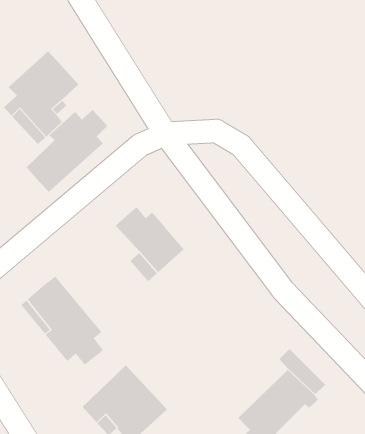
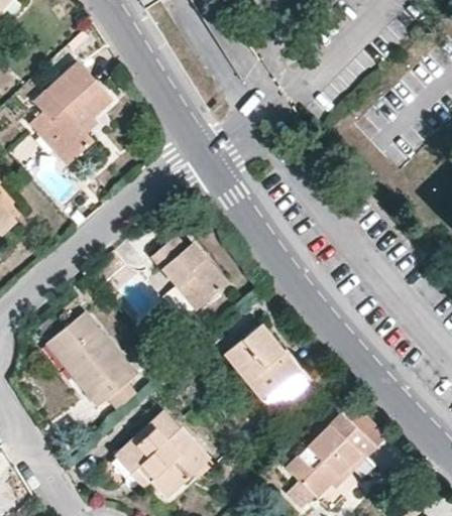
building: [26,109,108,193] -> none
building: none -> [225,325,312,414]

